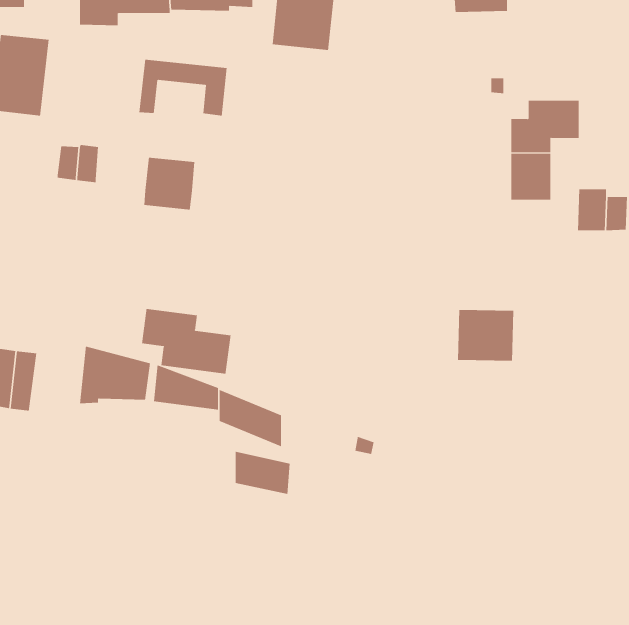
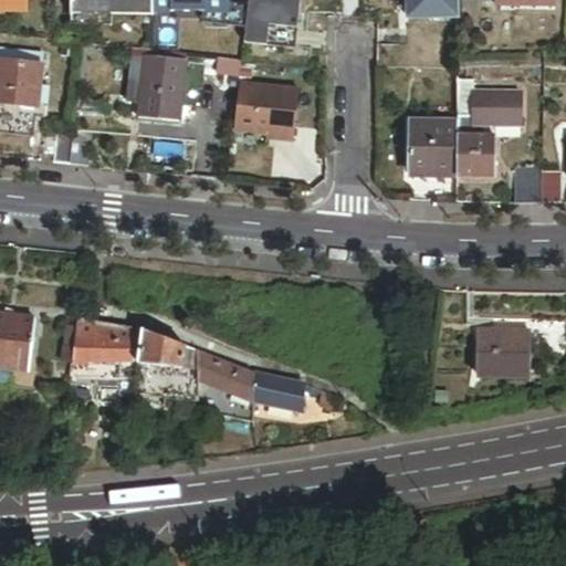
building: none -> [232,81,297,140]
building: none -> [409,120,457,178]
building: [143,157,195,210] -> [137,72,184,119]
building: [142,308,231,374] -> none
building: [457,309,514,361] -> [476,328,527,375]
building: [235,451,291,494] -> [252,371,302,410]

